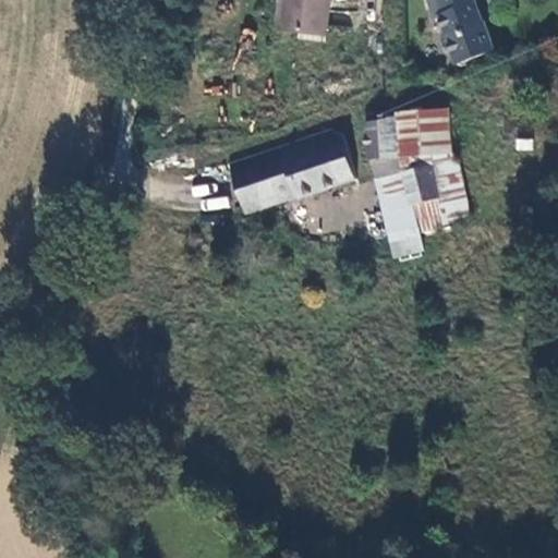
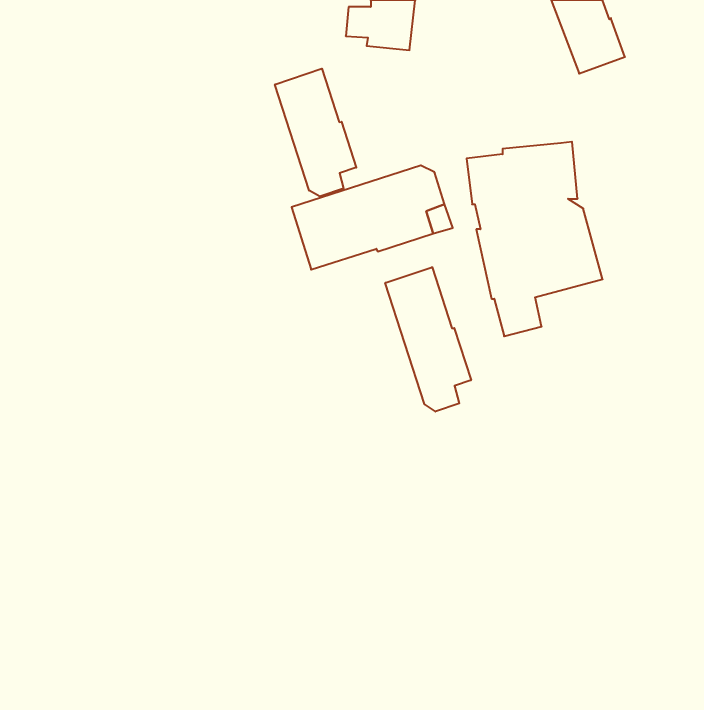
building: none -> [275,69,356,197]
building: none -> [385,267,471,412]

